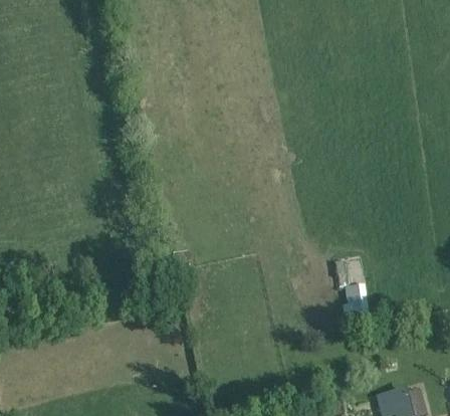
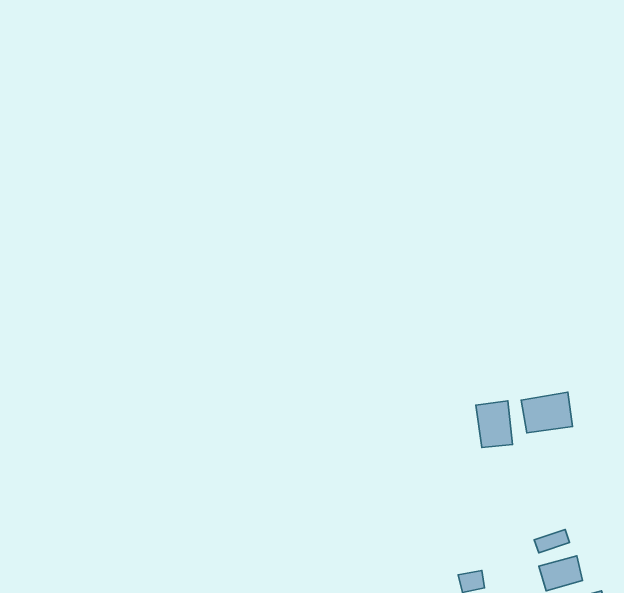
building: none -> [521,392,572,433]

